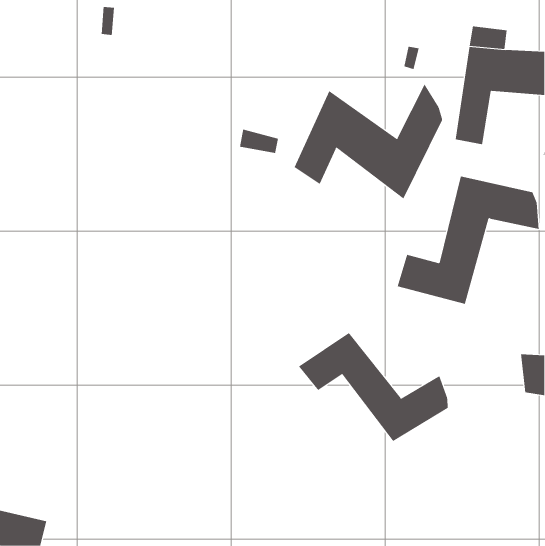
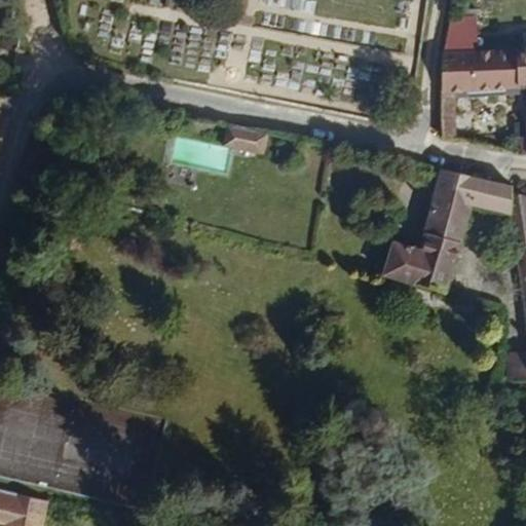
building: [294,84,443,200] -> none
building: [298,332,448,442] -> none

